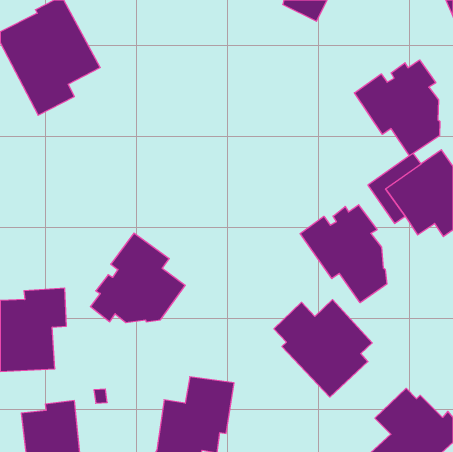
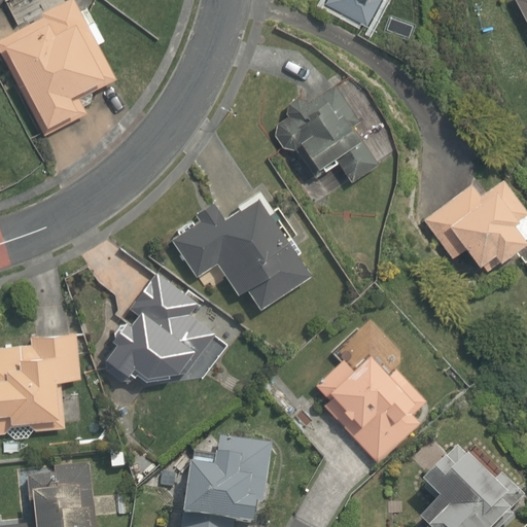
building: [354,60,440,156] -> none
building: none -> [273,85,376,184]
building: none -> [171,197,306,309]
building: [300,205,387,303] -> none

